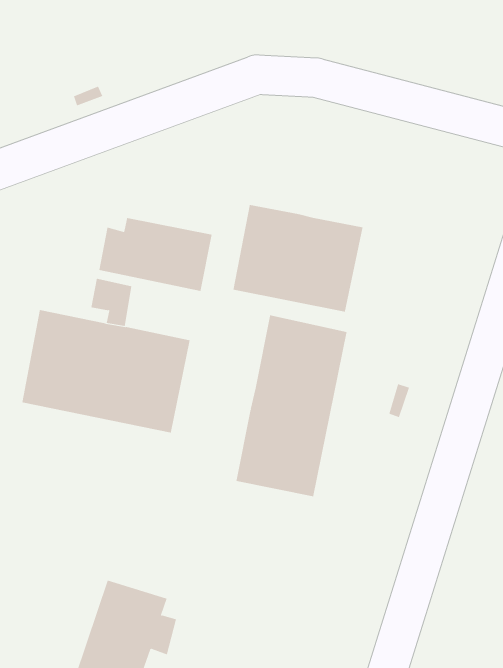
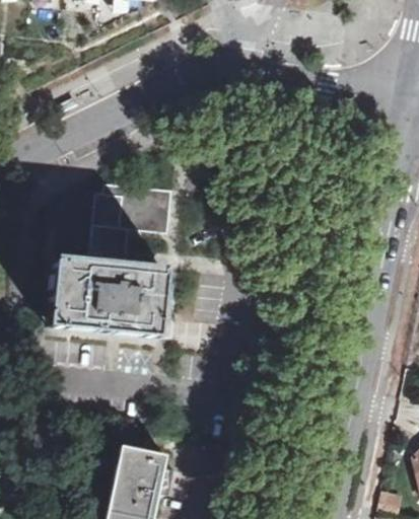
building: [233,204,363,312] -> none
building: [236,314,347,497] -> none

